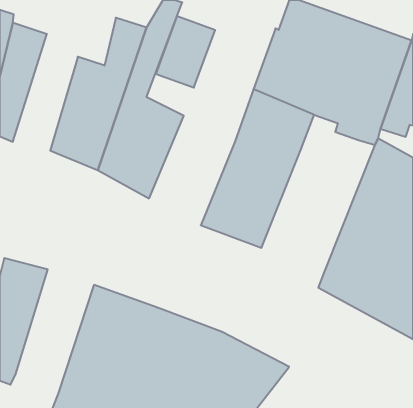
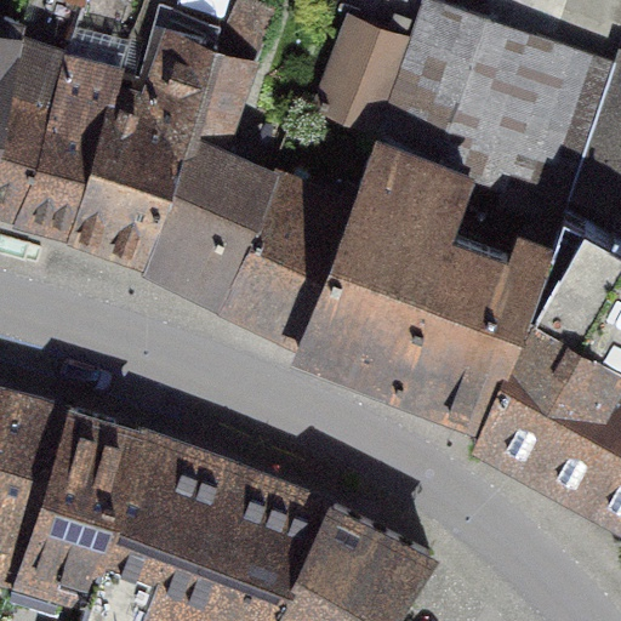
building: none -> [19,32,132,234]
building: [156,16,215,88] -> [319,24,408,131]
building: none -> [223,182,352,346]
building: none -> [392,218,562,417]
building: none -> [23,412,141,598]

